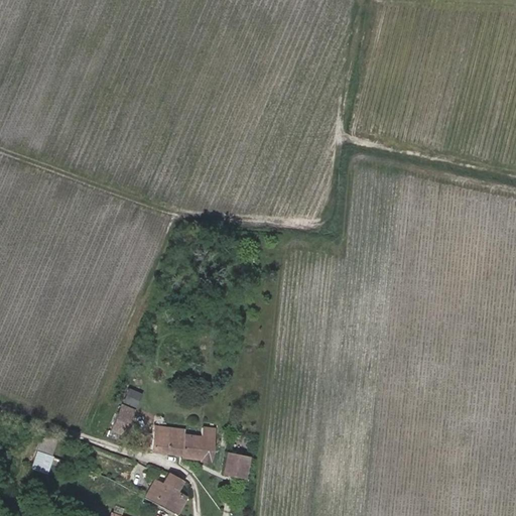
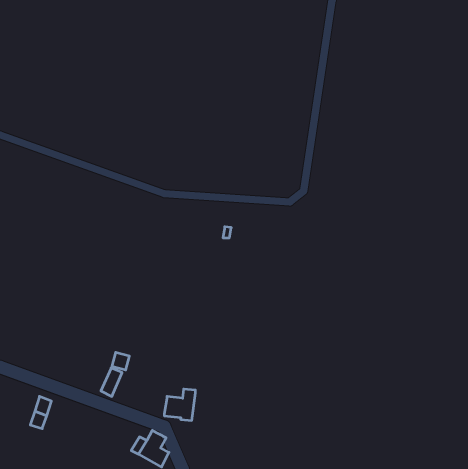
building: [152,425,185,455] -> none
building: [223,453,249,478] -> none

